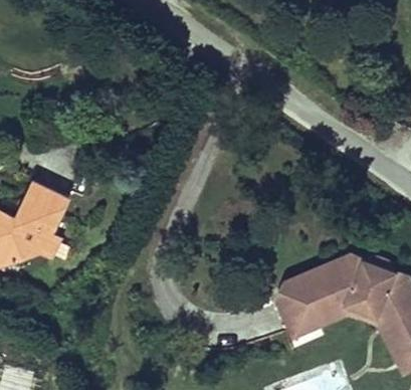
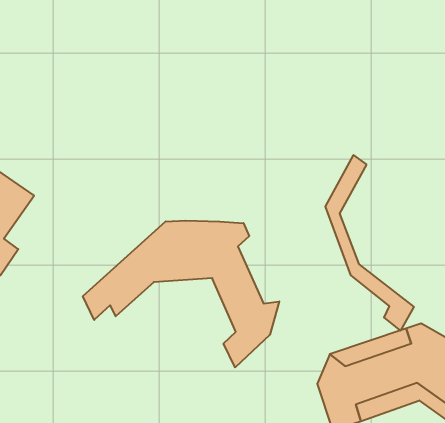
building: none -> [325,155,414,331]
building: none -> [83,221,279,367]

